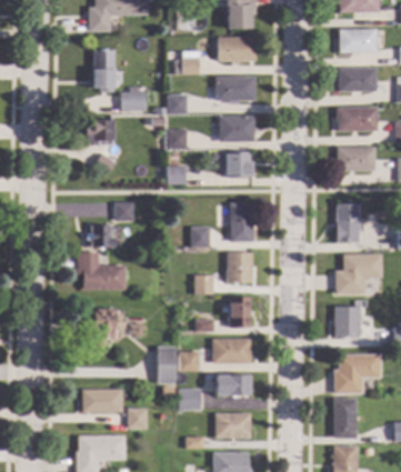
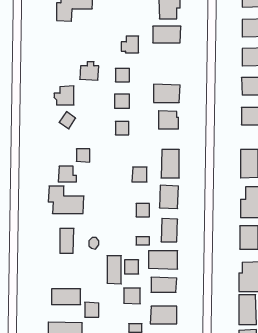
building: [93,49,113,87] -> none
building: [215,77,255,99] -> none

